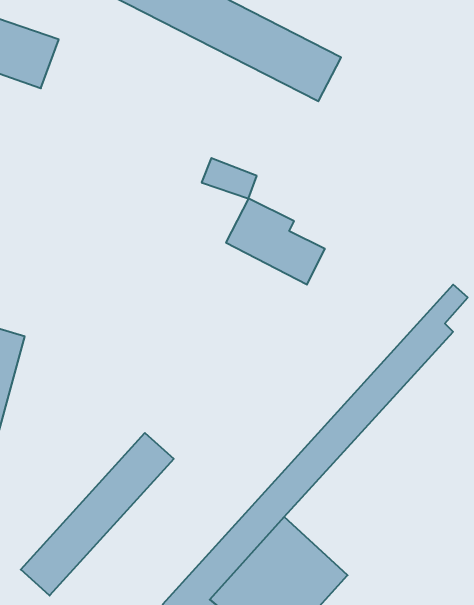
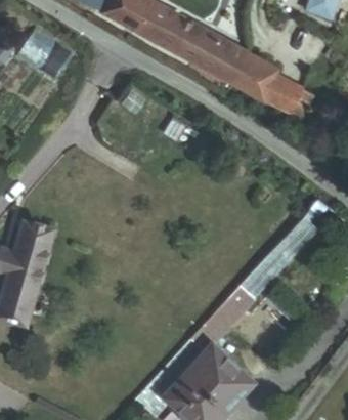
building: [226,199,325,285] -> [235,54,298,109]
building: [21,433,174,596] -> none

